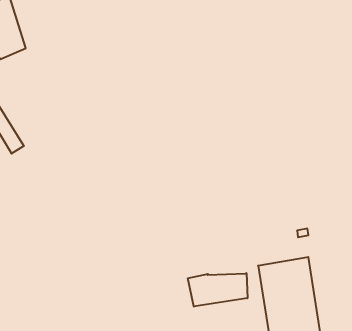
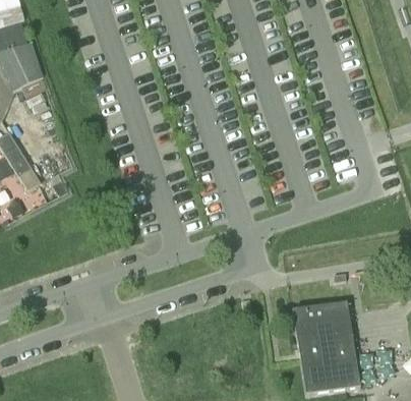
building: [188,273,247,307] -> none

